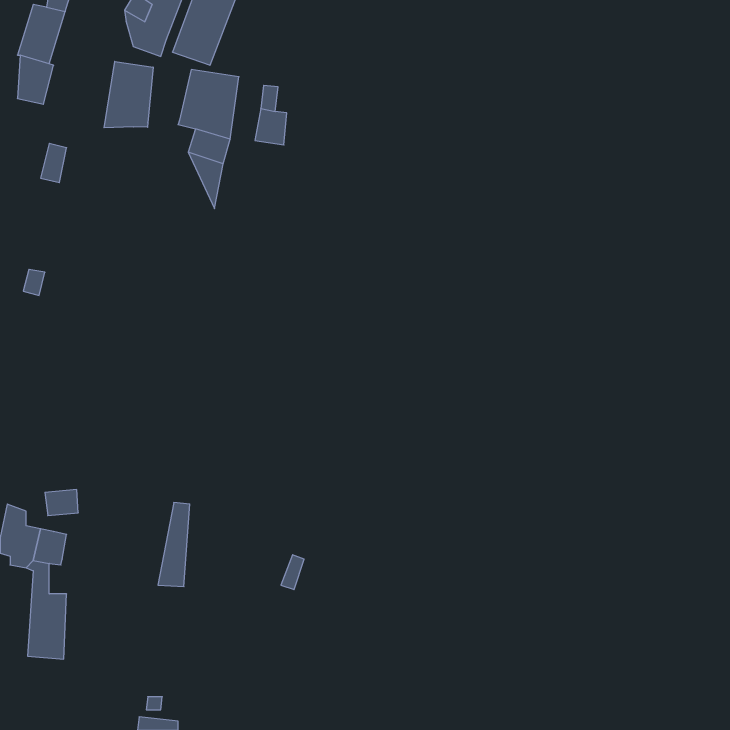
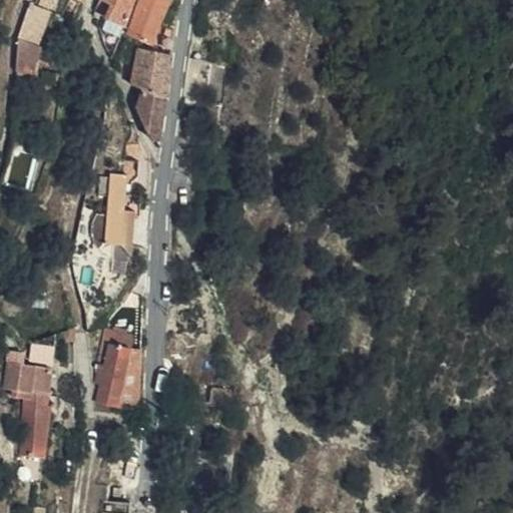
building: [104,61,153,128] -> none
building: none -> [87,160,135,252]
building: none -> [91,331,129,405]

